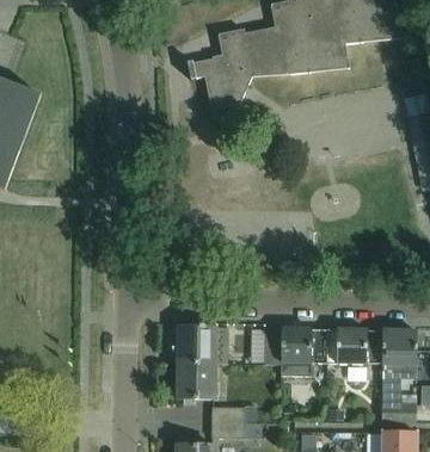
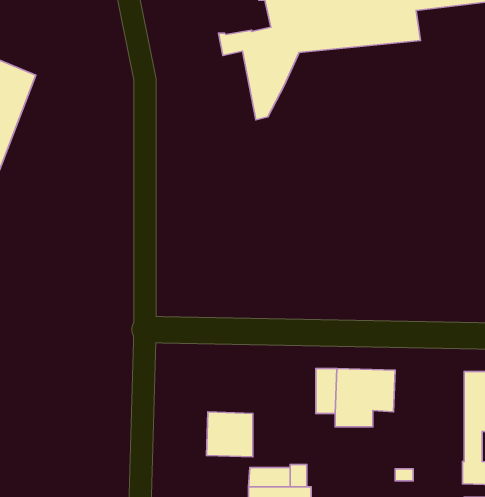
building: [178,327,227,364] -> none
building: [326,329,382,363] -> none

